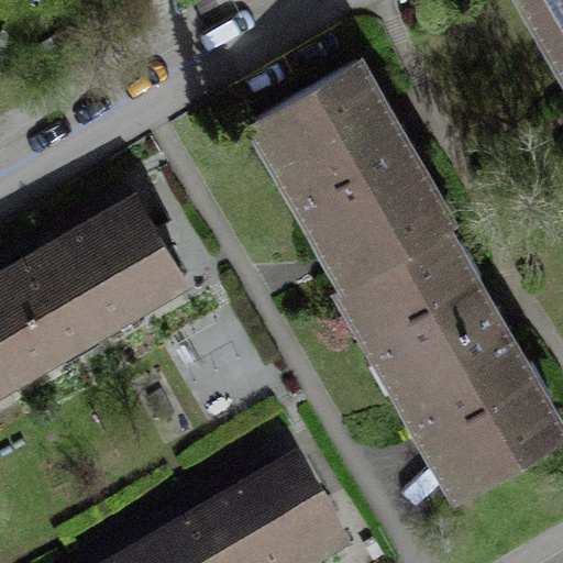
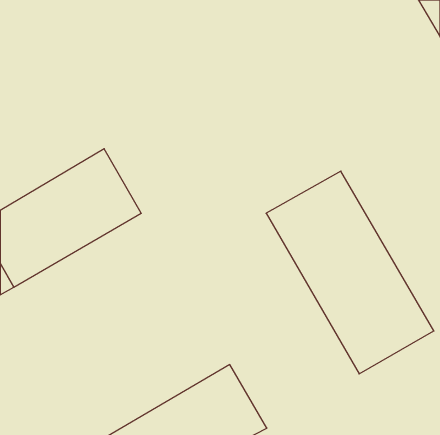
building: [258,66,441,274] -> none

